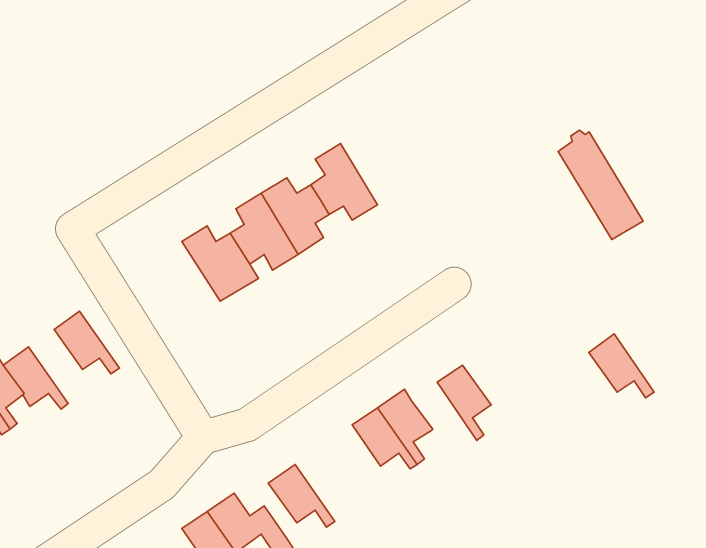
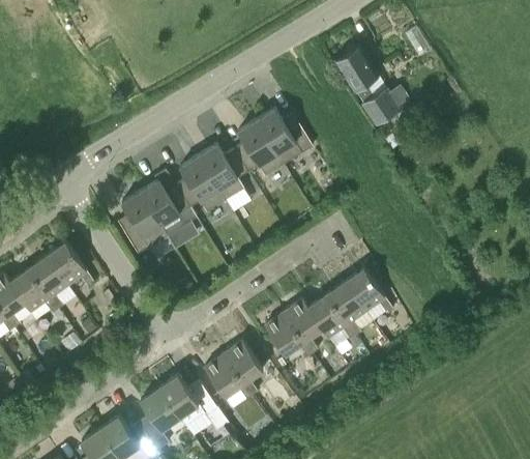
building: none -> [256,110,313,166]
building: [558,130,643,240] -> [336,47,399,126]
building: none -> [117,193,168,255]
building: none -> [28,257,67,311]
building: [589,334,654,398] -> [345,269,392,316]
building: none -> [307,295,355,341]
building: none -> [223,342,262,397]

